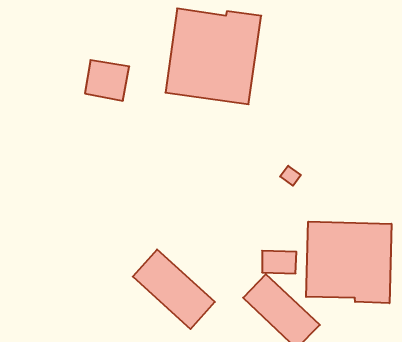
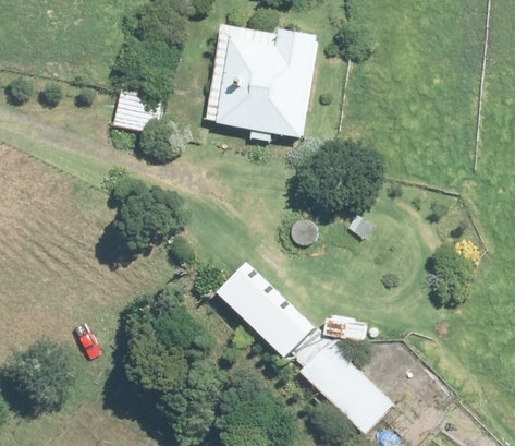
building: [306,222,391,303] -> none
building: [133,249,215,329] -> [218,264,317,360]

